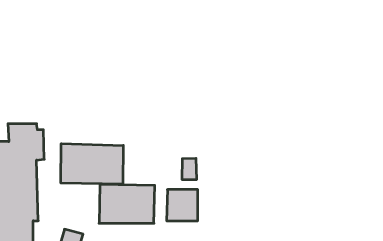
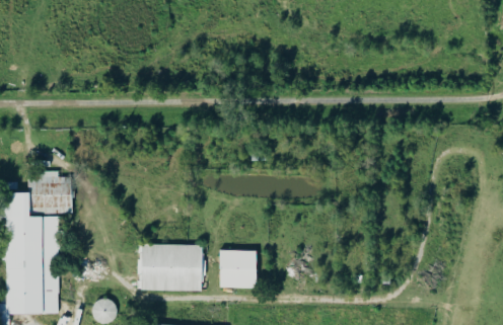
building: [61,144,123,184] -> none
building: [182,158,196,180] -> none

